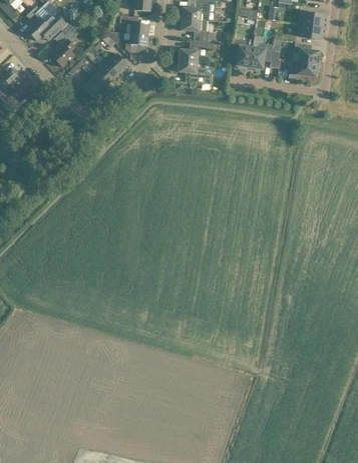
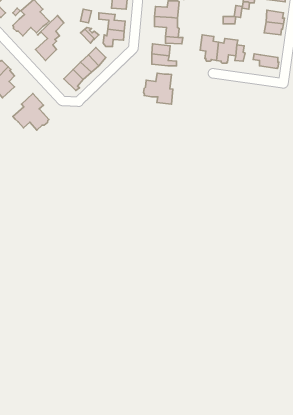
building: [293,42,318,64] -> none
building: none -> [144,73,173,104]
building: none -> [13,94,49,130]

